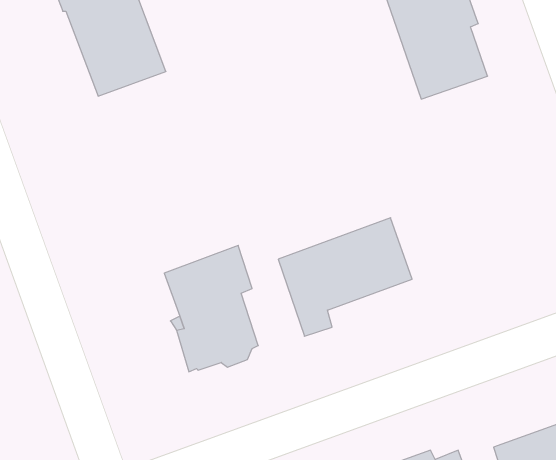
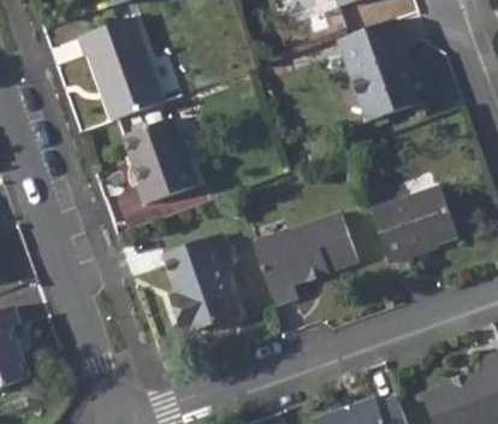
building: none -> [128,116,198,201]
building: none -> [372,187,457,265]

